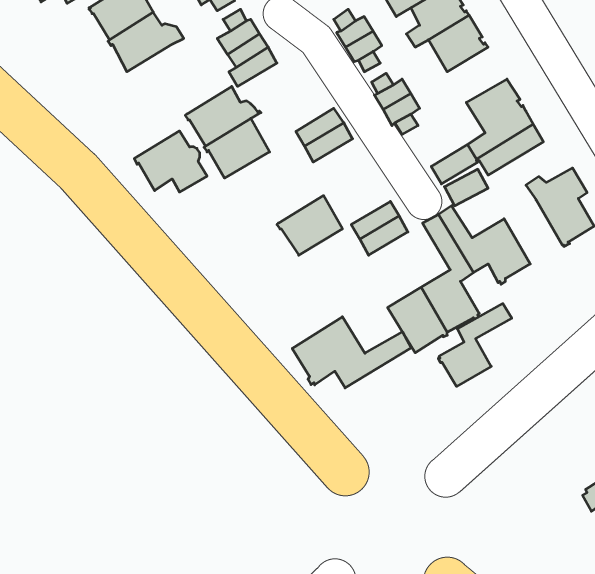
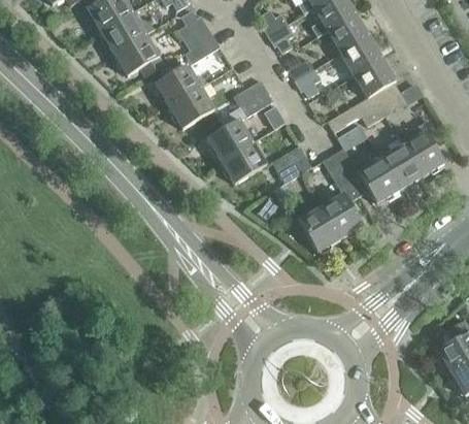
building: none -> [340,36,382,75]
building: [134,131,207,192] -> [113,34,165,77]
building: none -> [206,119,253,161]
building: none -> [380,144,422,191]
building: [438,304,512,386] -> none
building: [292,317,411,388] -> none

